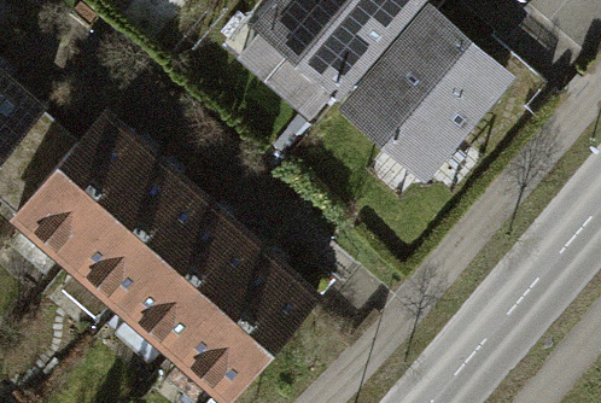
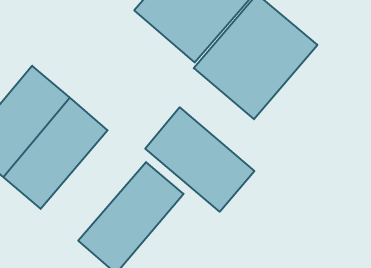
building: none -> [145,107,254,212]
building: [116,200,268,360] -> none

